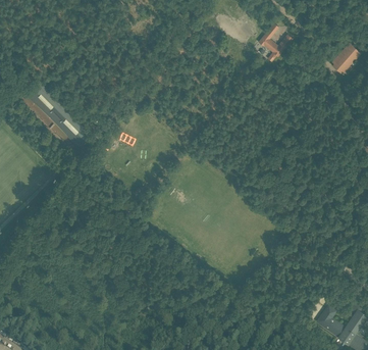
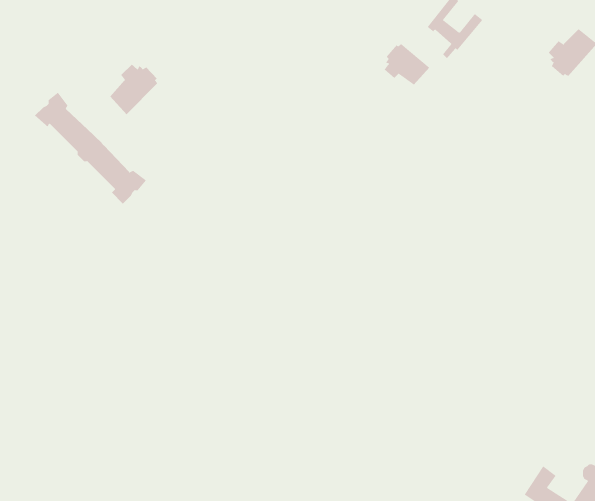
building: none -> [384,43,430,86]
building: none -> [109,64,158,115]

